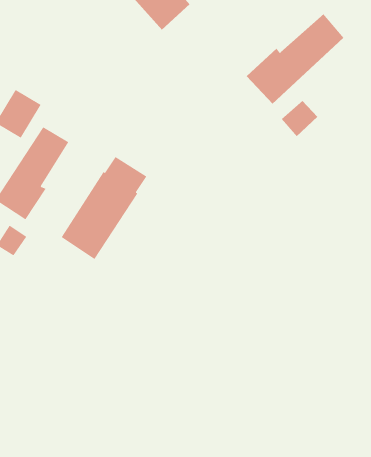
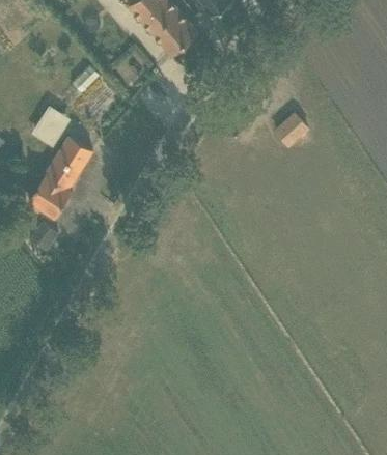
building: [246,13,344,105] -> none
building: [61,156,147,260] -> none

